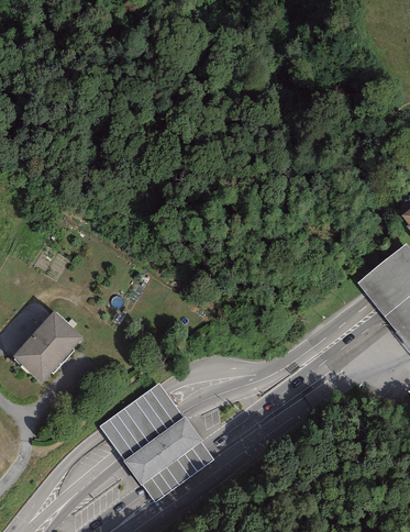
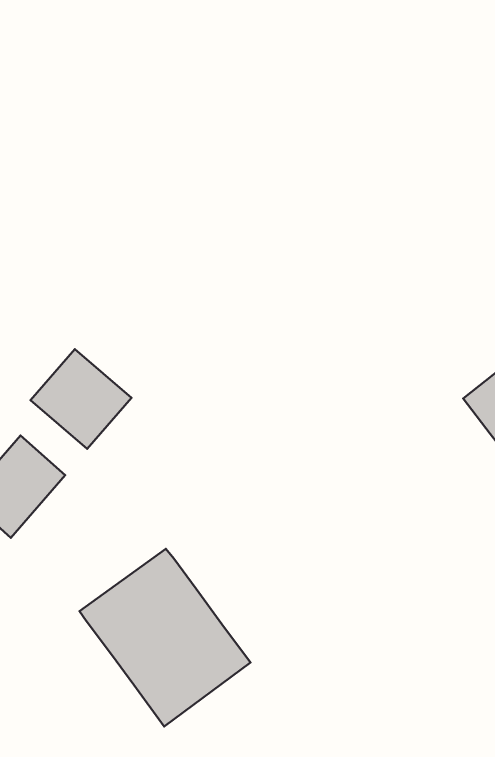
building: none -> [30,349,132,449]

